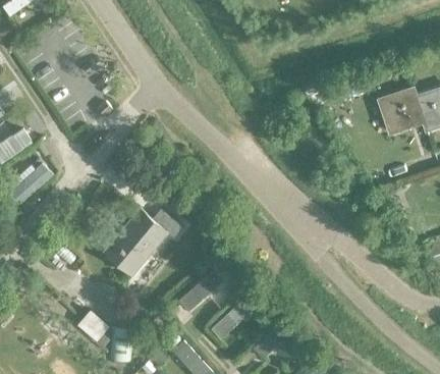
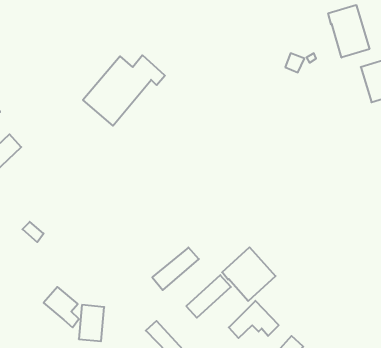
building: none -> [328,5,369,58]
building: [103,208,181,275] -> [83,55,165,126]
building: none -> [222,247,276,301]

